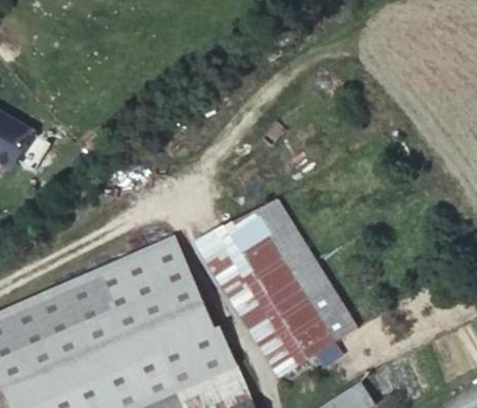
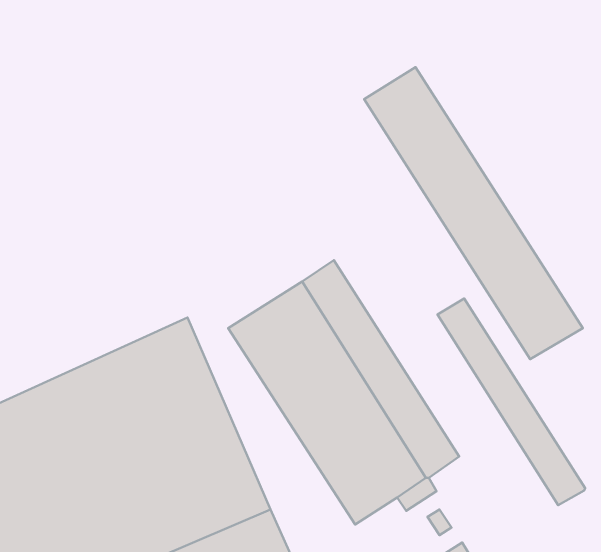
building: none -> [364,67,583,359]
building: none -> [438,299,585,505]

